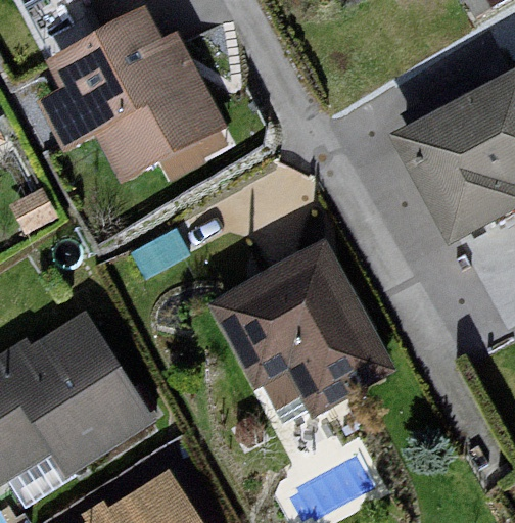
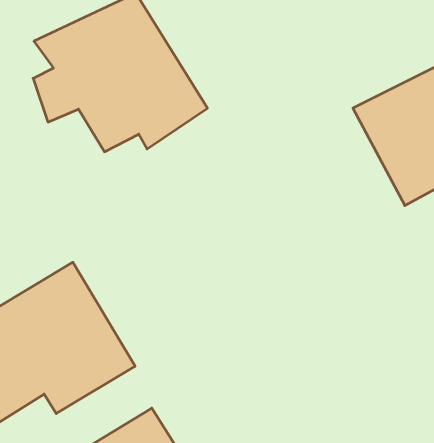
building: [210,238,396,408] -> none

